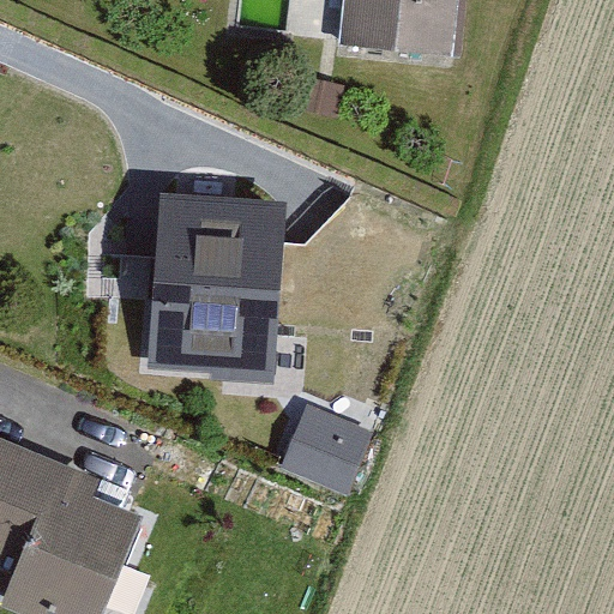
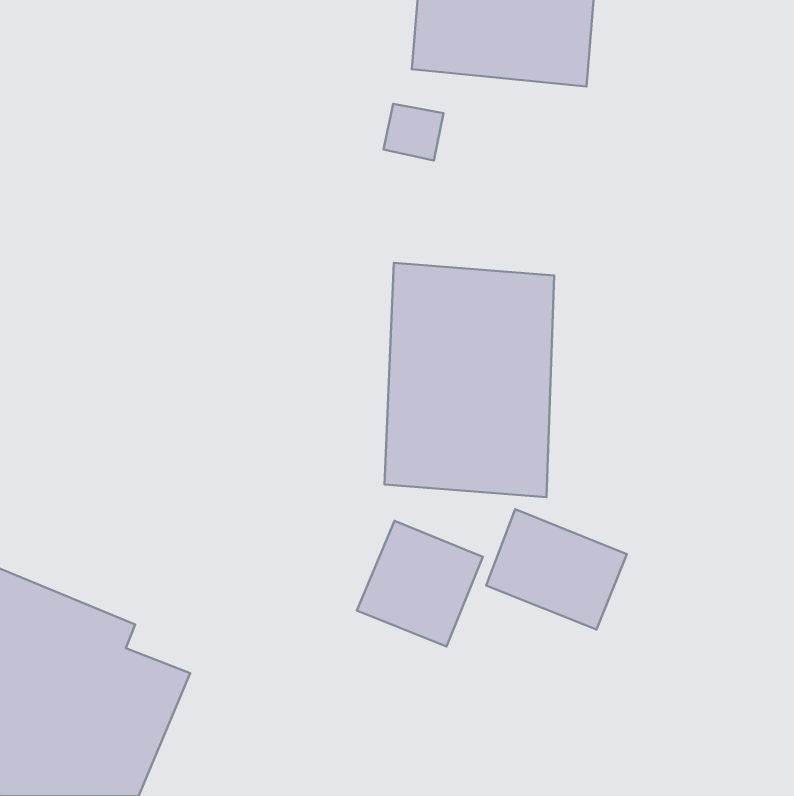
building: [152,199,282,378] -> [385,263,554,497]
building: none -> [486,509,627,629]

